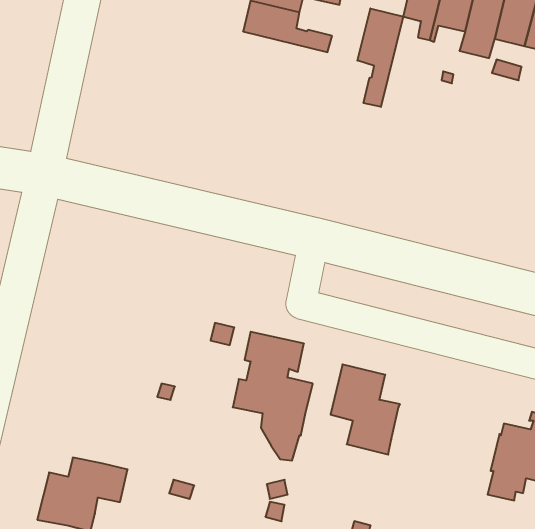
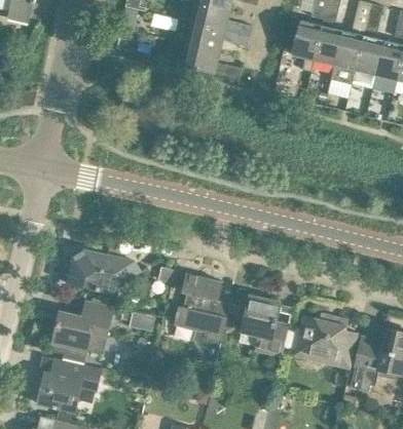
building: [357,8,403,107] -> none
building: none -> [66,248,140,295]
building: none -> [51,301,112,362]
building: none -> [283,312,358,369]

